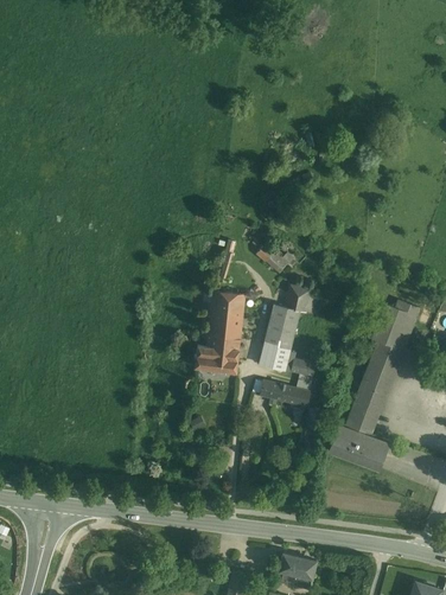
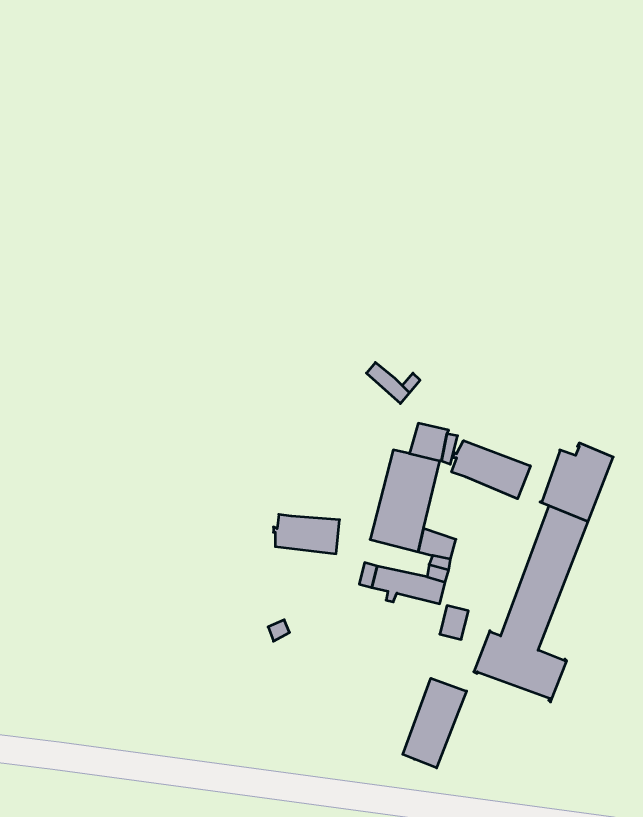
building: [206,292,244,350] -> none
building: none -> [452,441,530,499]
building: none -> [403,678,467,768]

